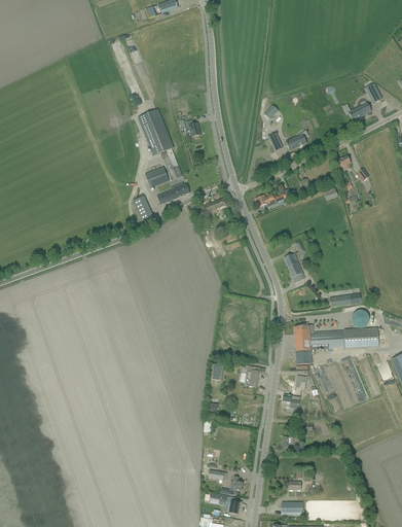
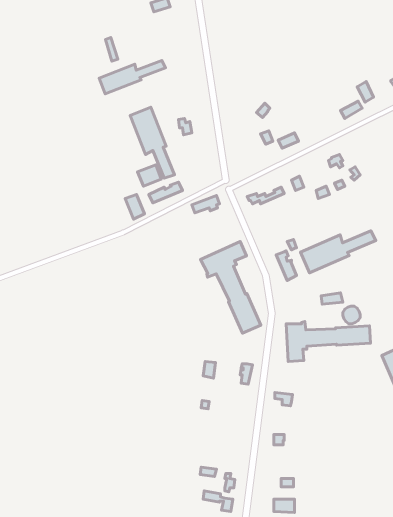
building: none -> [99,60,166,94]
building: none -> [301,231,376,273]
building: none -> [201,242,261,333]

